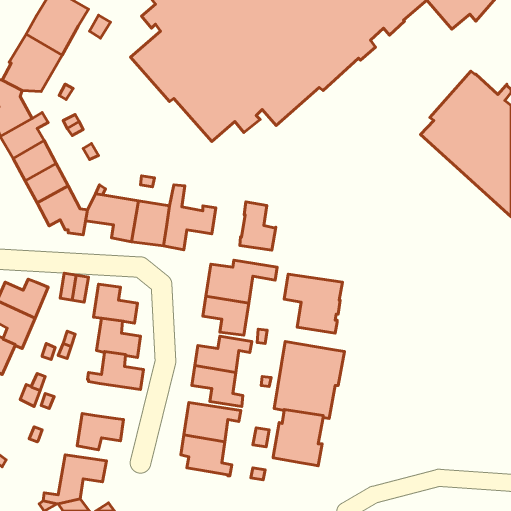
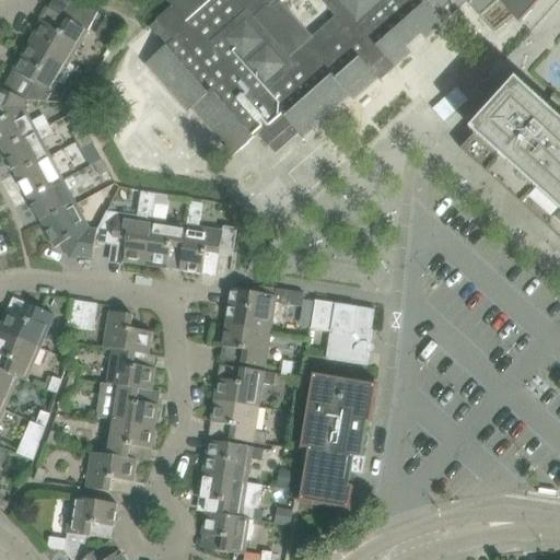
building: [240,202,276,250] -> none
building: none -> [103,418,153,456]
building: none -> [200,510,252,552]

